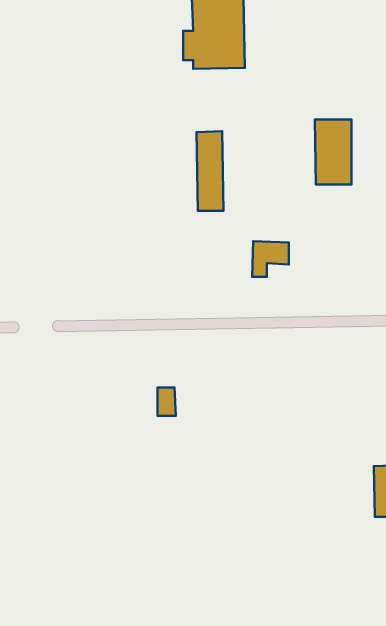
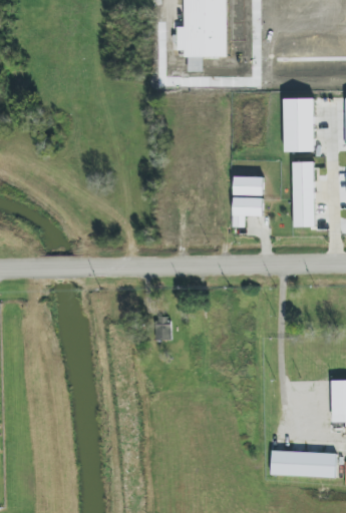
building: [197,131,224,211] -> [292,161,314,226]
building: none -> [233,176,262,195]
building: none -> [270,451,335,477]

